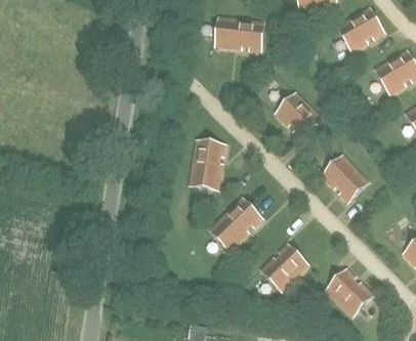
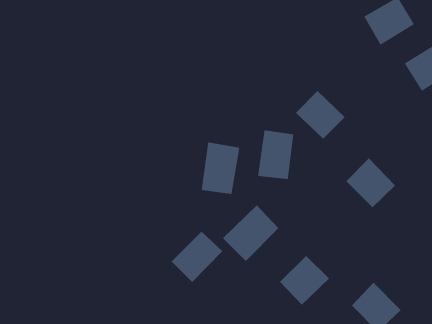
building: [216,16,262,51] -> none
building: none -> [257,130,294,180]
building: none -> [171,231,223,283]

